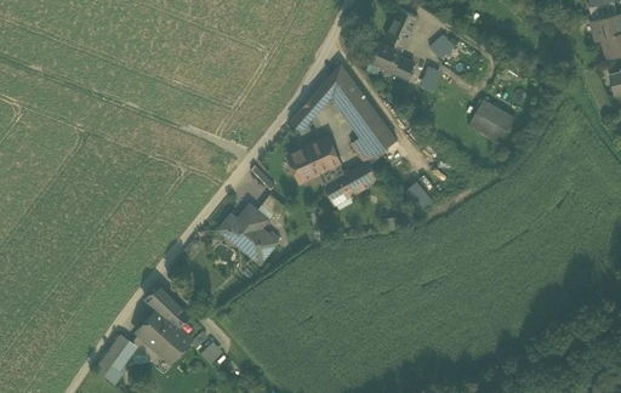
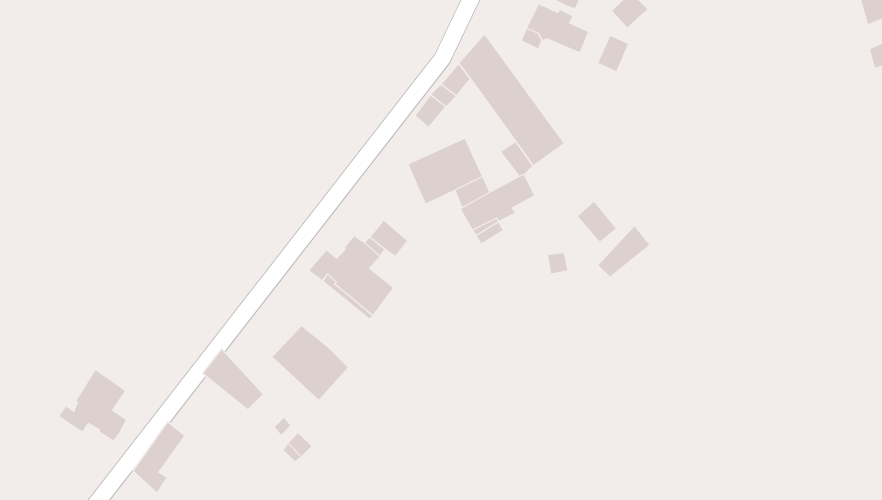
building: [471,98,513,138] -> none
building: none -> [597,226,650,278]
building: none -> [58,369,127,441]
building: [136,311,189,363] -> [272,326,349,400]

